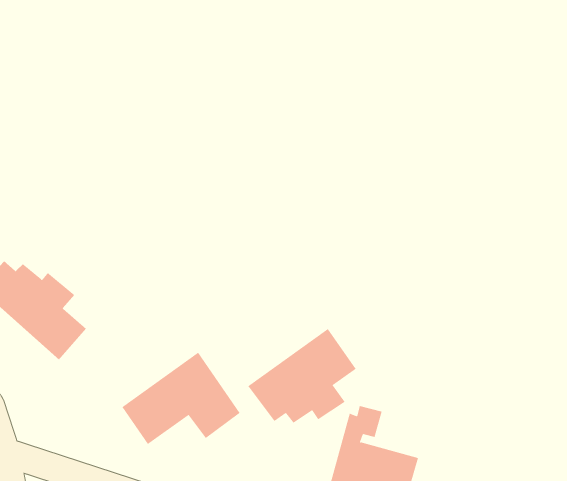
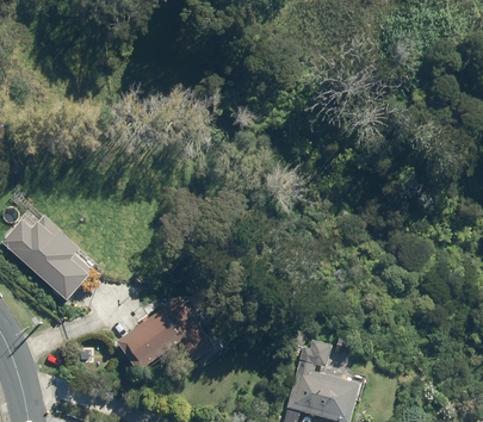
building: [247,328,356,423] -> none

